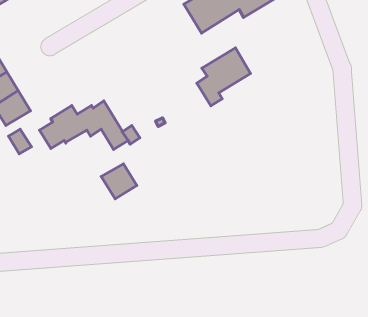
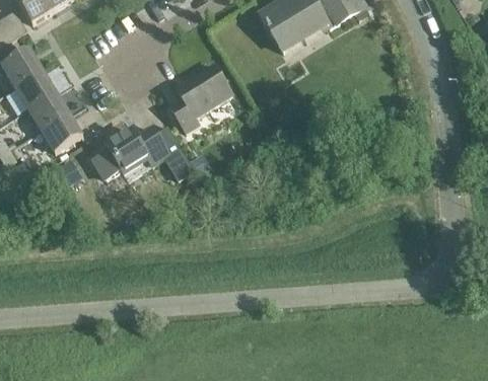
building: [197,48,250,106] -> [168,66,230,133]
building: [101,164,137,199] -> none

